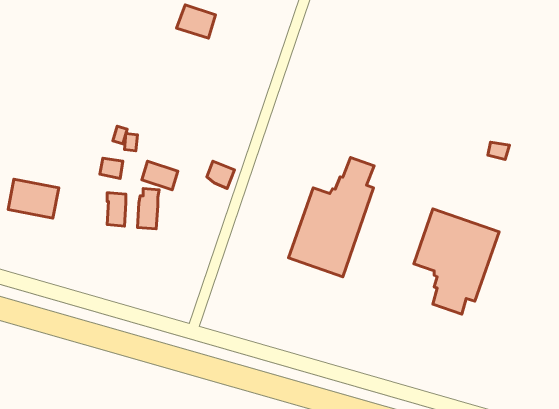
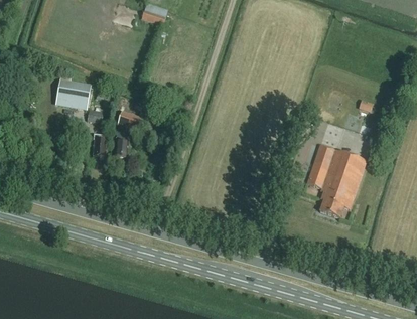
building: [288,158,374,277] -> none
building: [8,179,59,218] -> [55,83,91,110]

